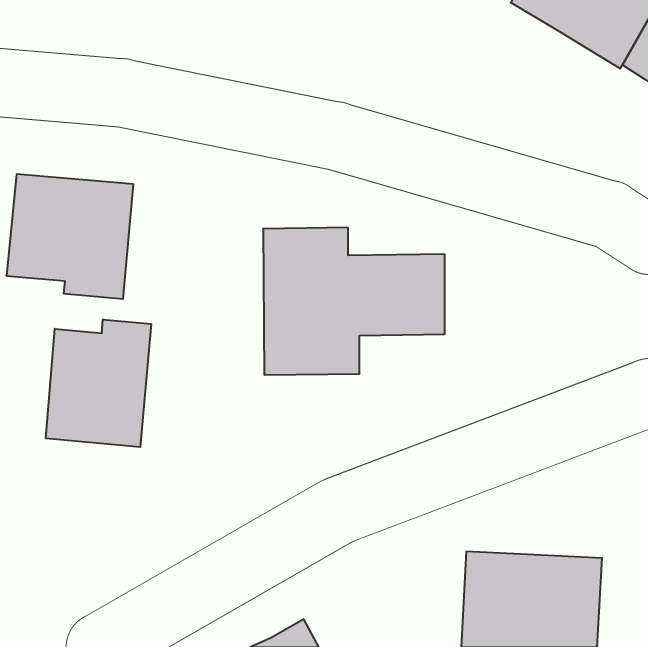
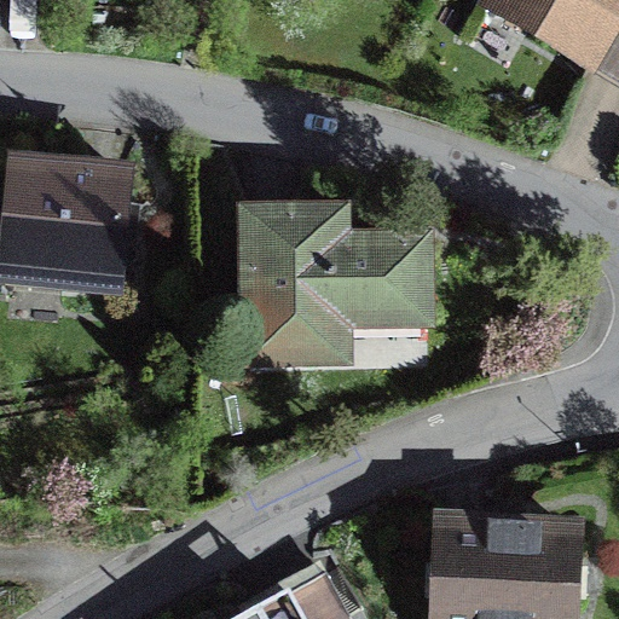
building: [46,319,151,447] -> none

